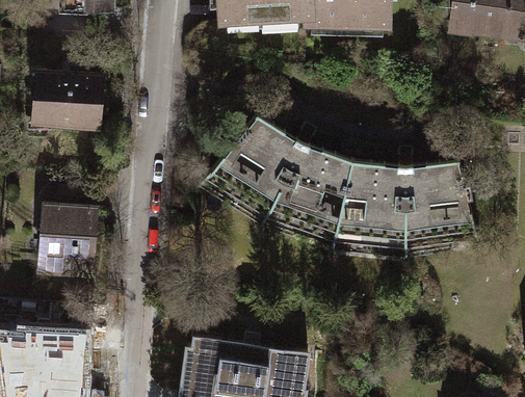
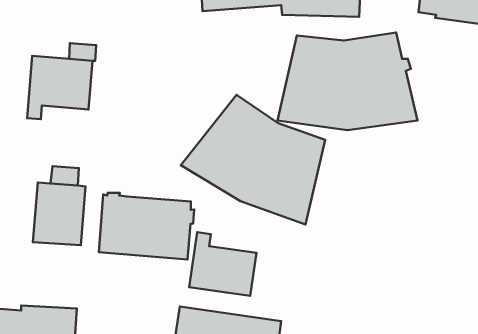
building: [330,157,479,261] -> [277,33,418,130]
building: none -> [99,193,194,259]
building: none -> [189,232,256,296]

